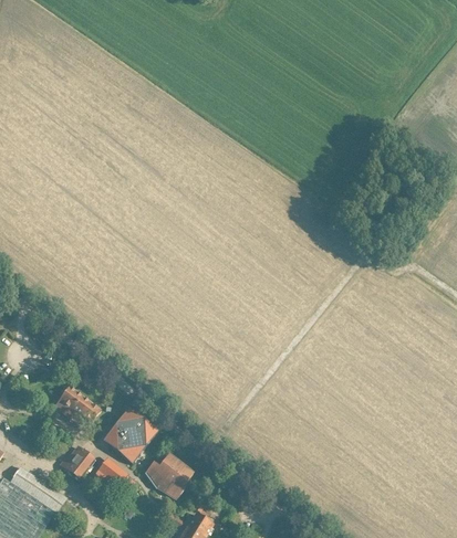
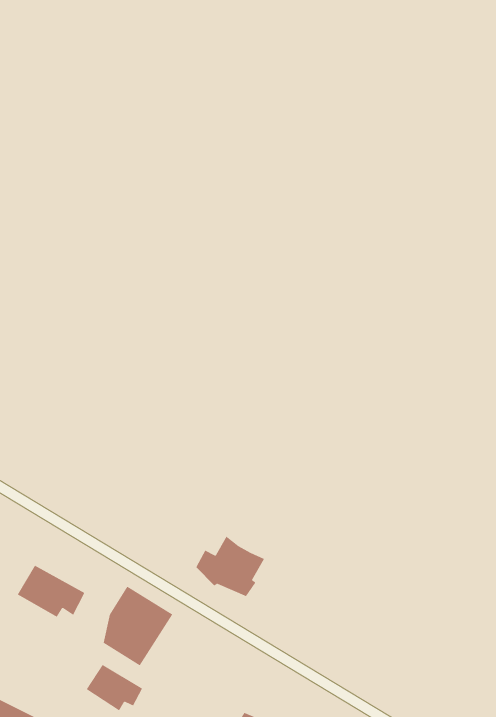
building: [59,446,100,481] -> none
building: [145,454,193,497] -> [196,536,265,597]

